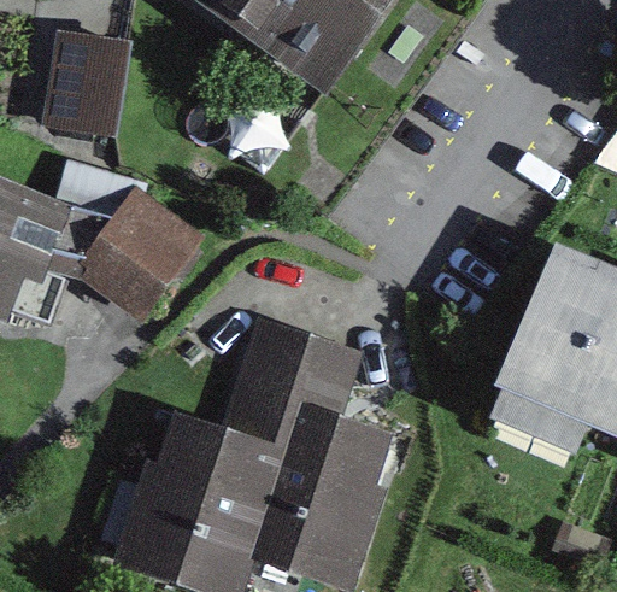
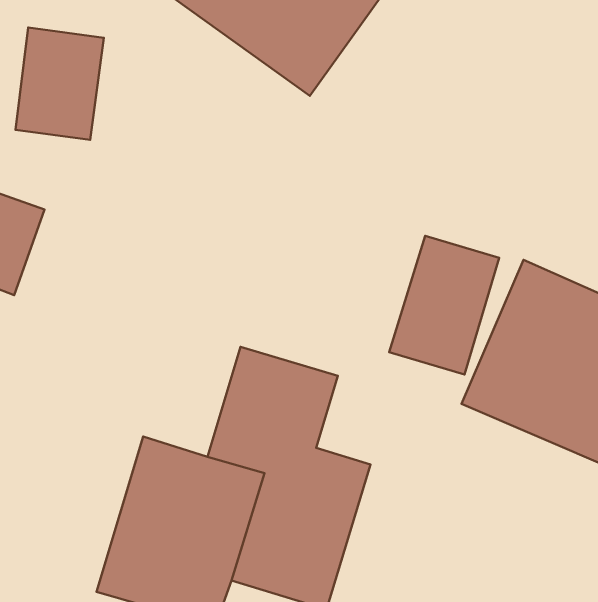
building: [72,186,204,322] -> none
building: none -> [389,236,499,375]

